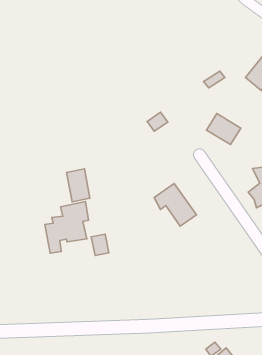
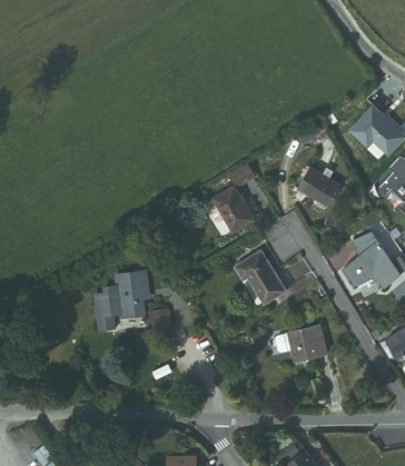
building: none -> [200,188,246,235]
building: [67,169,90,202] -> none
building: none -> [278,326,325,360]

